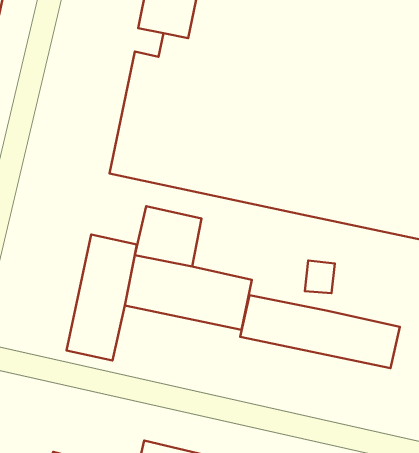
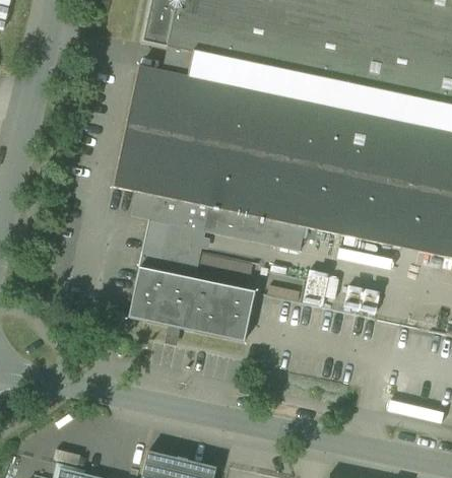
building: none -> [132,192,305,252]
building: [67,234,137,361] -> none
building: [240,295,400,368] -> none

